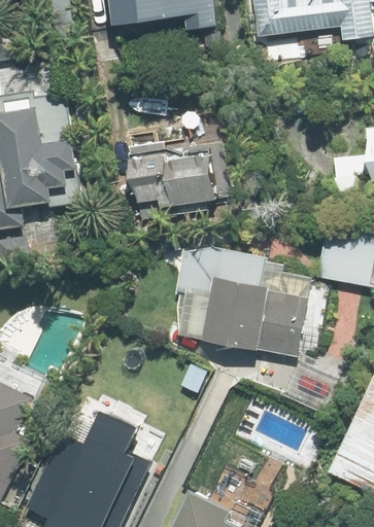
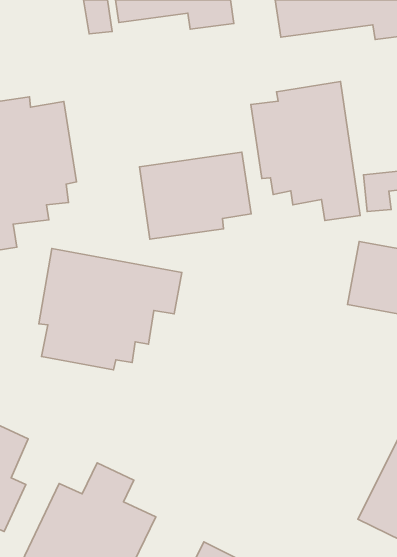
building: none -> [251,81,360,221]
building: none -> [39,249,182,370]
building: [177,248,308,354] -> none

